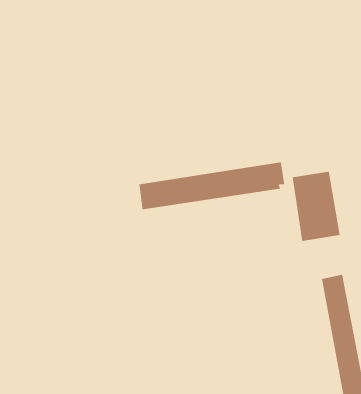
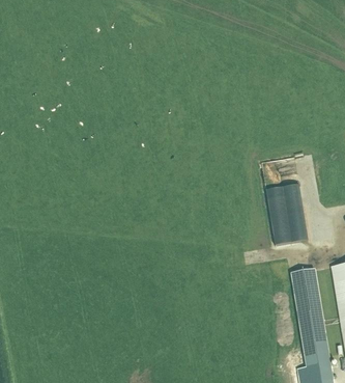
building: [139,161,285,210] -> none

